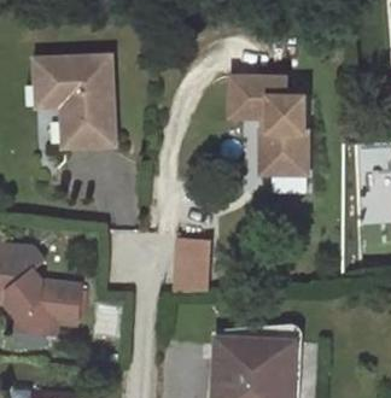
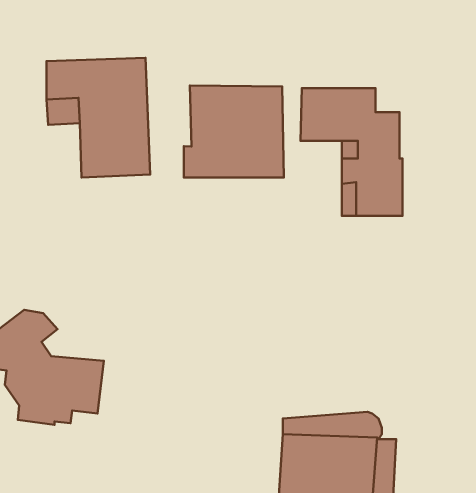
building: none -> [184,85,284,177]
building: [174,241,205,294] -> none

